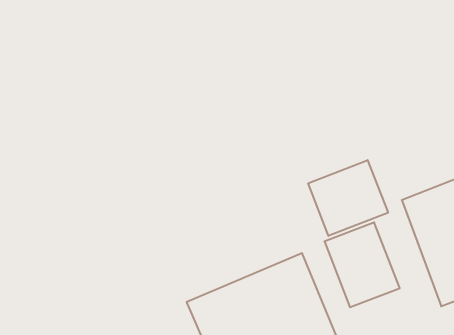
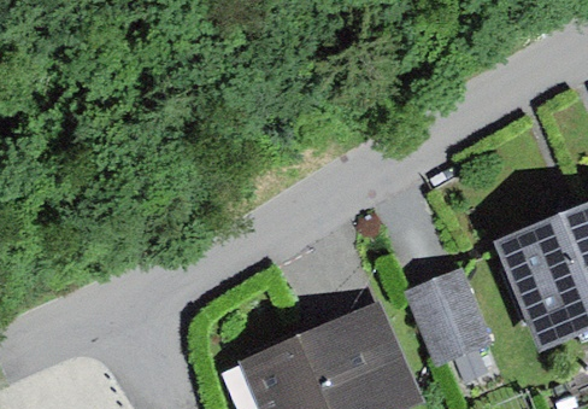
building: [308,160,388,236] -> none

